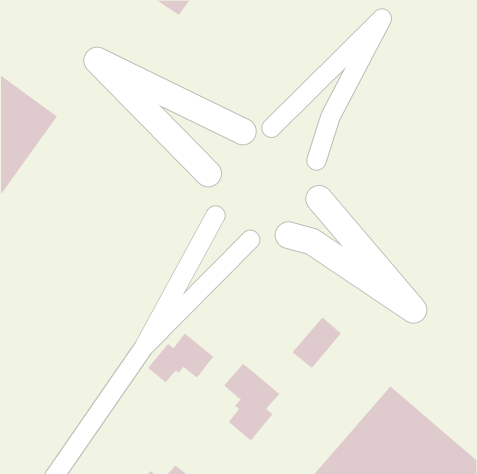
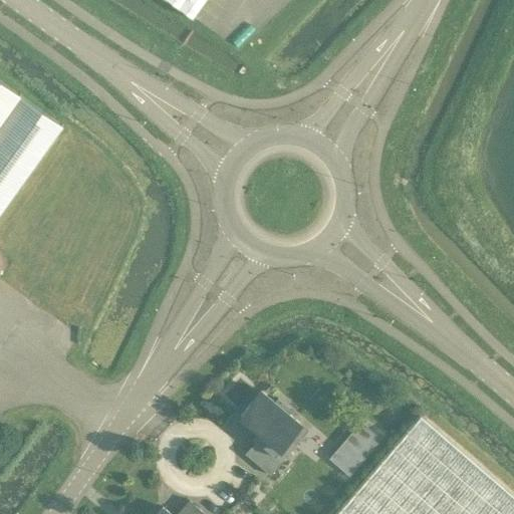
building: [291,317,342,369] -> [329,422,383,478]
building: [147,333,214,383] -> none

